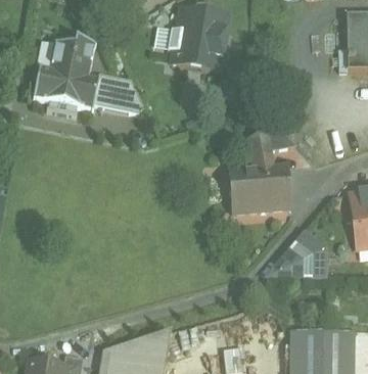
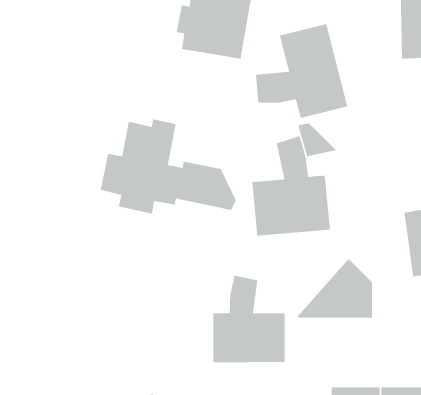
building: [34,39,143,115] -> [100,118,237,215]
building: none -> [255,23,348,119]
building: none -> [212,275,285,363]

